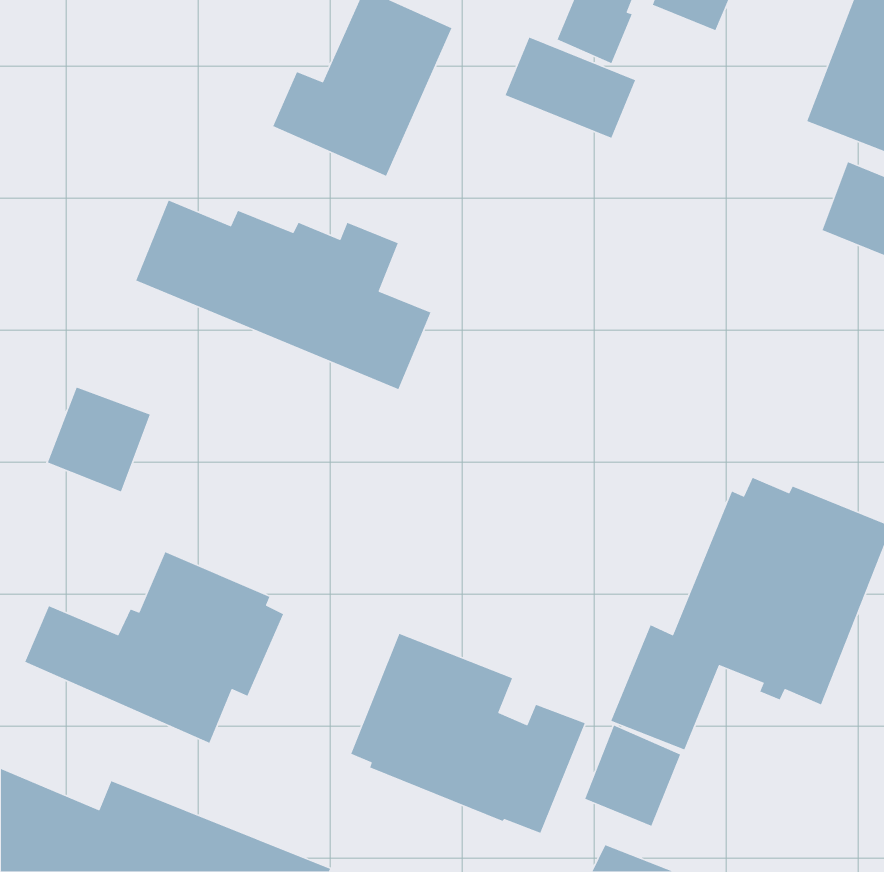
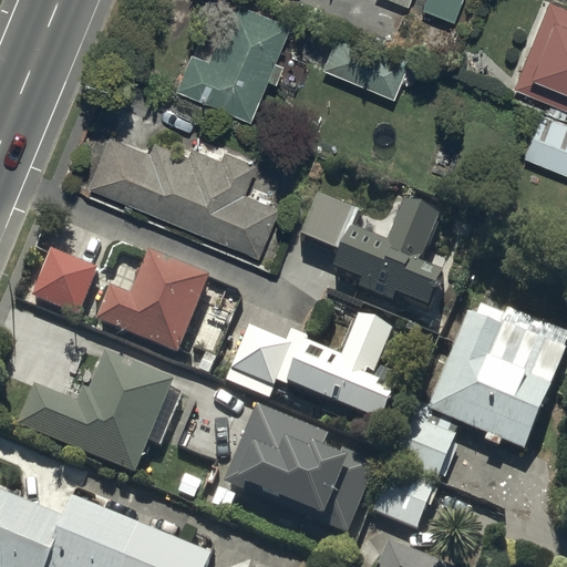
building: none -> [300,189,444,311]
building: none -> [95,251,210,355]
building: none -> [227,316,403,429]

